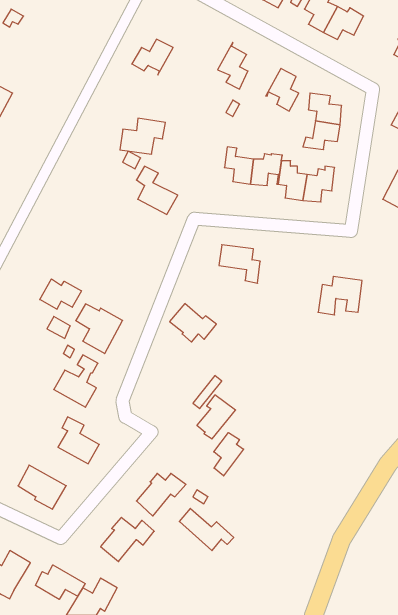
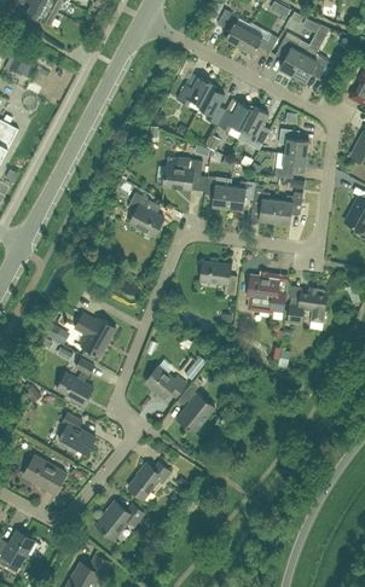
building: [132,39,173,75] -> [175,76,212,107]
building: none -> [218,101,254,130]
building: [120,118,165,154] -> [162,157,202,188]
building: none -> [247,273,284,310]
building: [40,279,81,309] -> none
building: [170,304,216,342] -> [144,365,185,399]
building: [214,433,244,476] -> none
building: [179,508,234,551] -> none
building: [36,565,85,599] -> none

